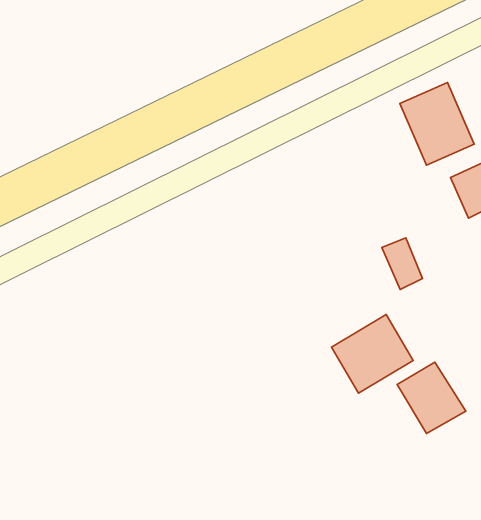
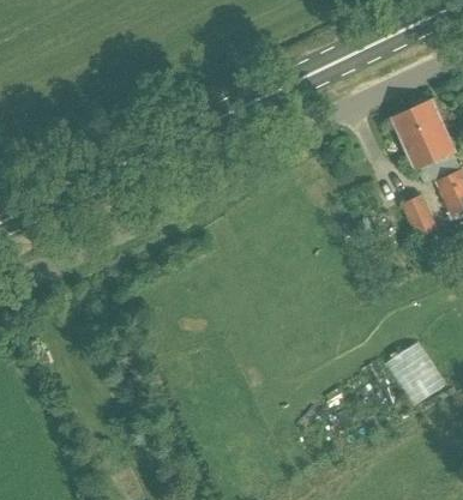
building: [382,238,423,290] -> [402,194,437,239]
building: [332,315,413,393] -> none

